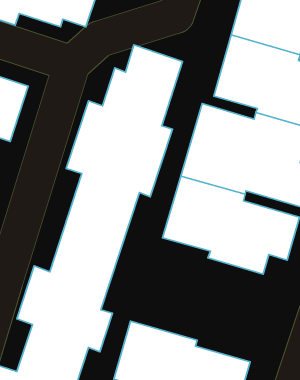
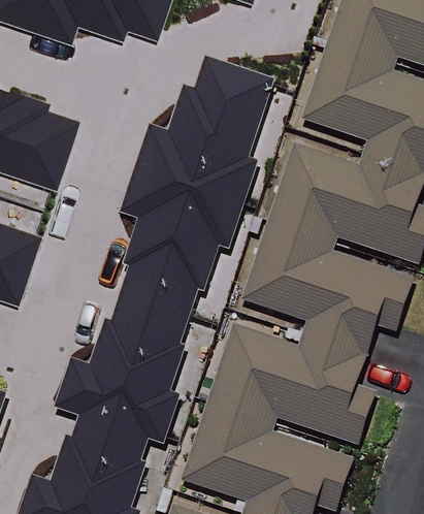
building: none -> [203,320,372,445]

